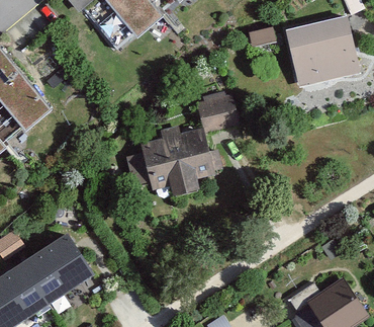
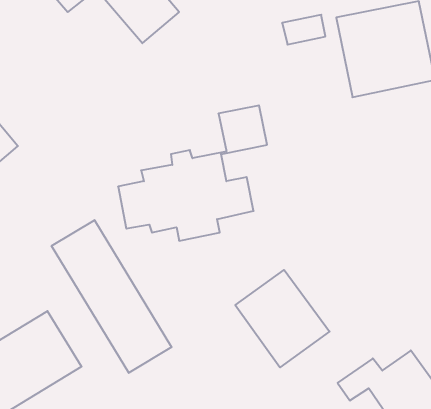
building: none -> [52,220,172,373]
building: none -> [235,270,330,367]

